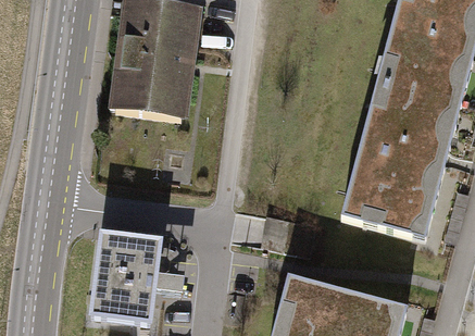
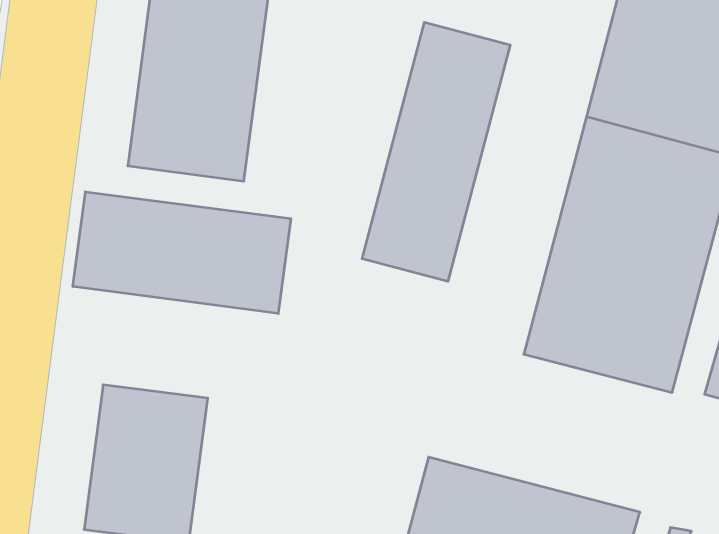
building: none -> [362,22,510,281]
building: none -> [73,192,291,314]

